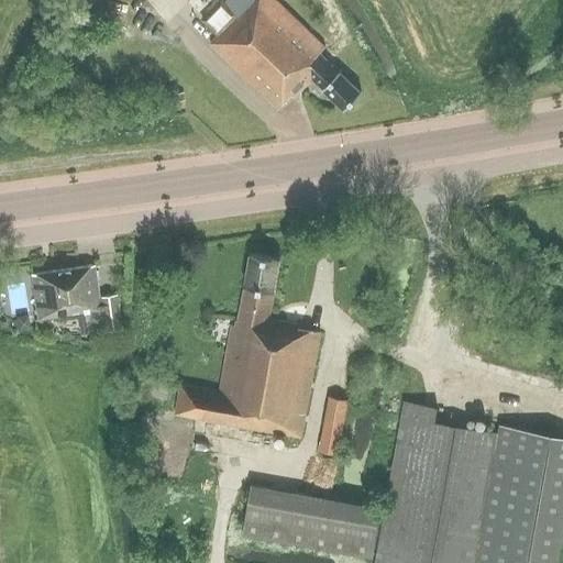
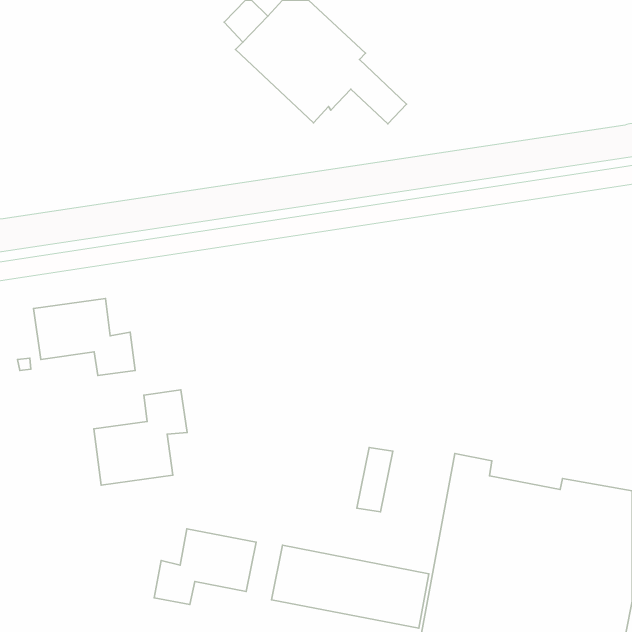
building: [175,254,320,438] -> none
building: none -> [94,390,187,485]
building: none -> [154,529,256,604]

